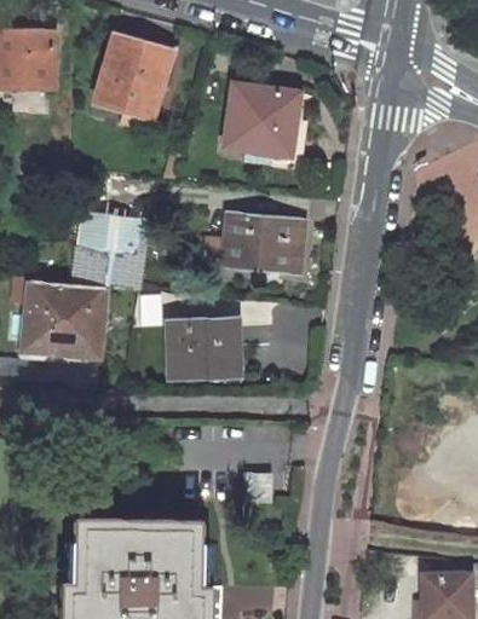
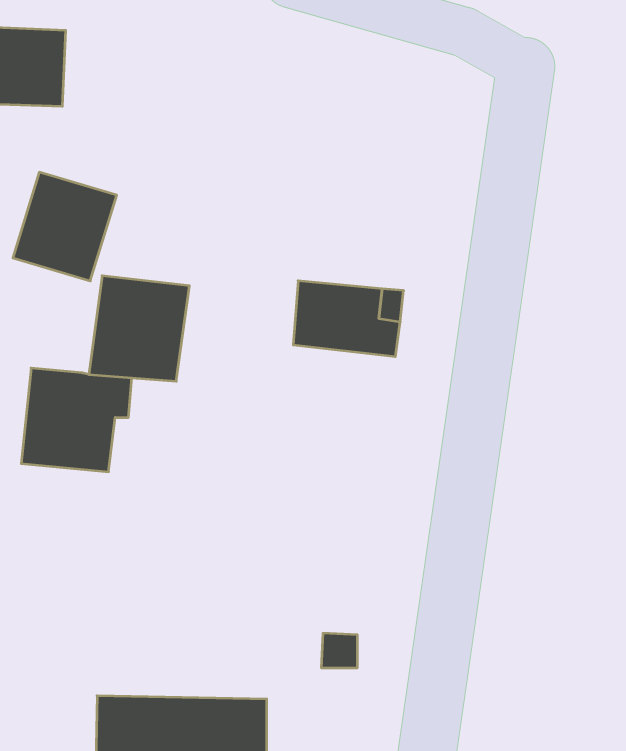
building: [98,40,174,120] -> [13,172,117,281]
building: [224,82,298,154] -> none
building: [166,324,230,376] -> none

